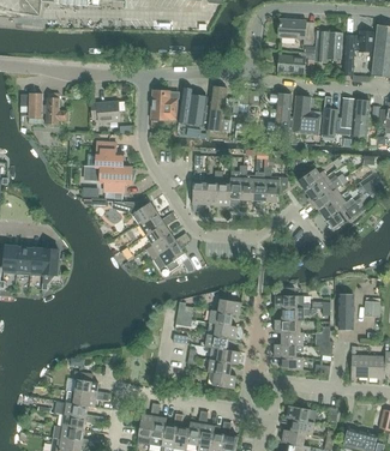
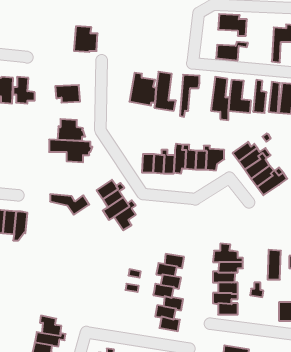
building: [314,31,342,61] -> none
building: [150,90,178,120] -> [74,26,98,52]
building: [112,200,157,224] -> [50,194,89,215]

